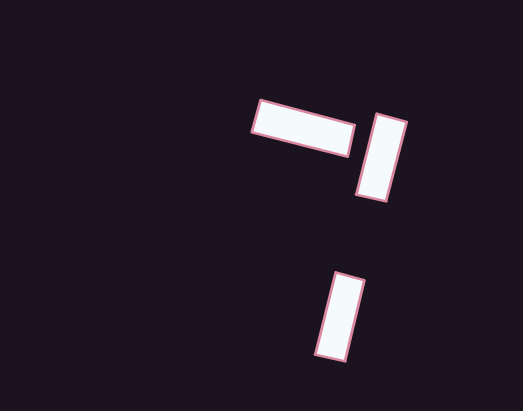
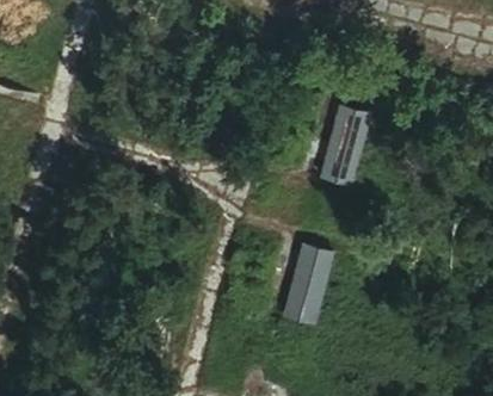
building: [252,100,355,157] -> none

